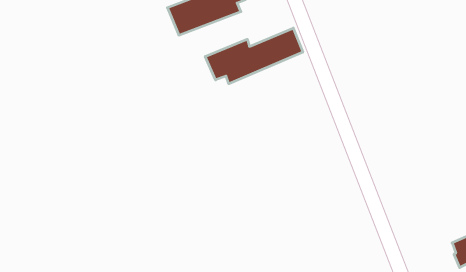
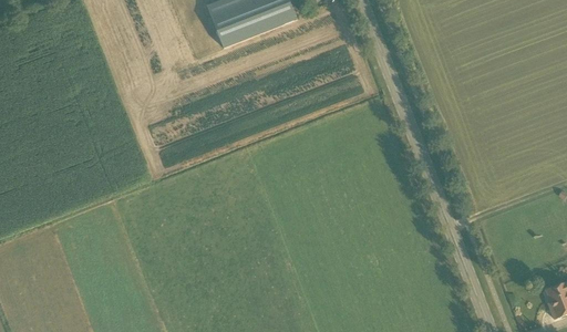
building: [205,28,303,84] -> none

